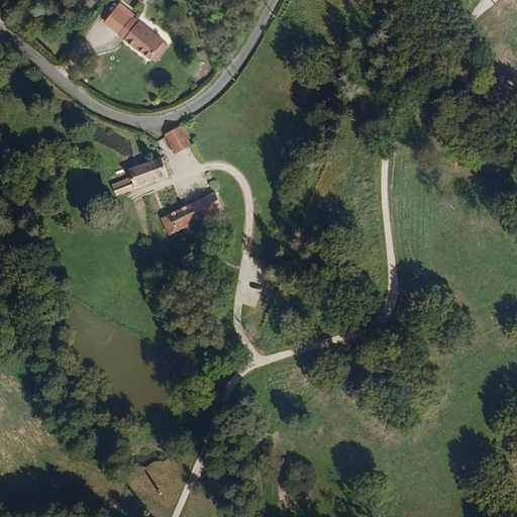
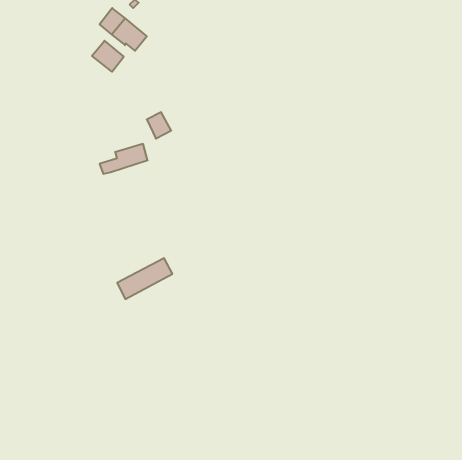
building: none -> [92,41,124,72]
building: [161,190,222,235] -> [117,258,172,299]

